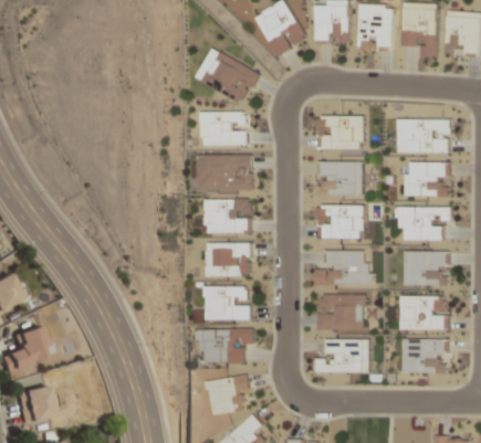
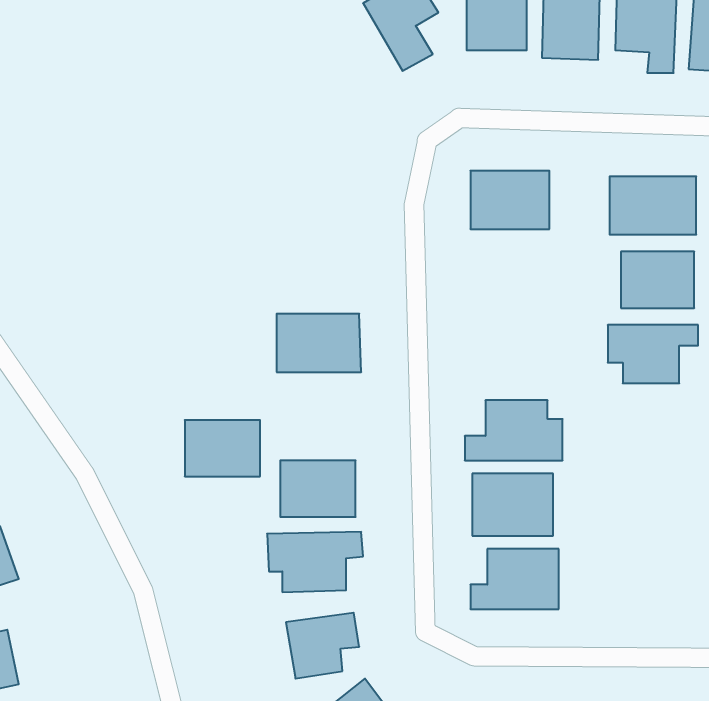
building: [200,51,260,106] -> none
building: [201,112,245,146] -> none
building: [199,157,253,192] -> none
building: [317,161,363,197] -> none
building: [317,204,364,240] -> none
building: [207,243,251,276] -> [185,420,260,476]
building: [406,251,449,286] -> none
building: [401,296,448,329] -> none
building: [405,338,448,373] -> none

